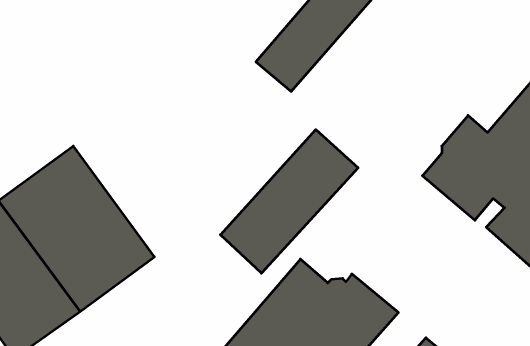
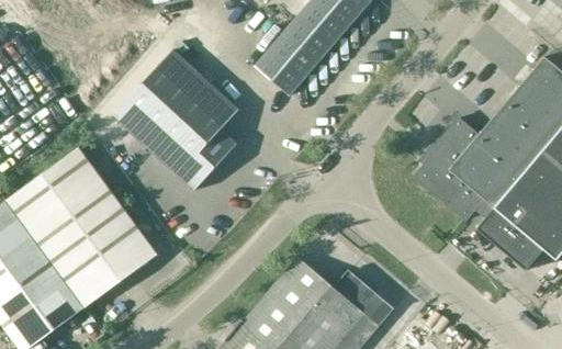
building: none -> [113,50,238,191]
building: [220,130,358,273] -> none

